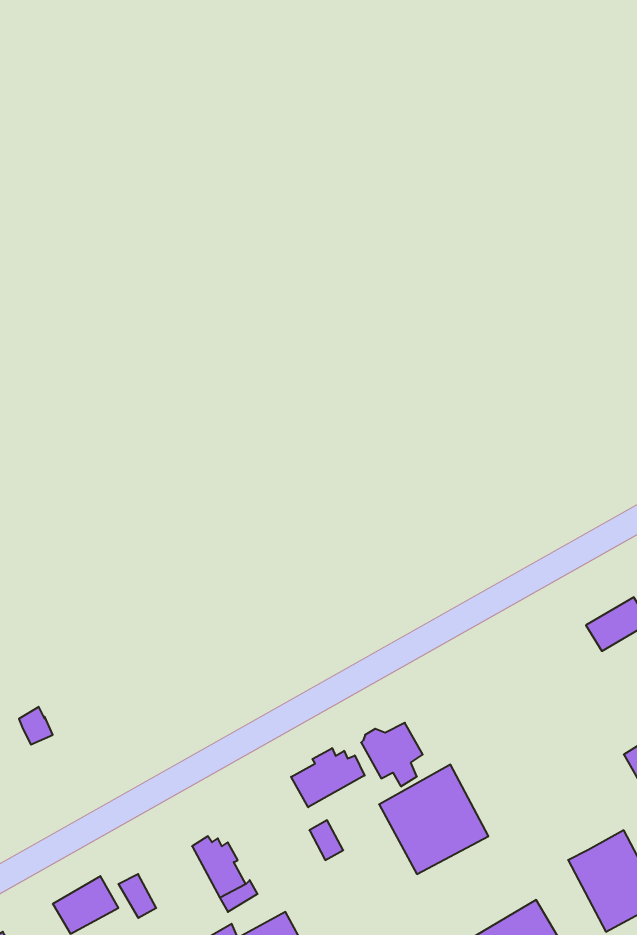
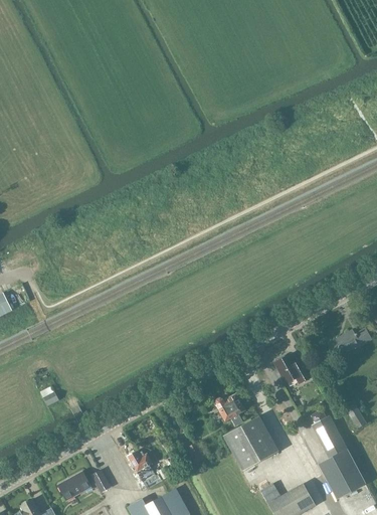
building: none -> [275,355,311,383]
building: [291,748,365,807] -> none
building: none -> [311,416,347,459]

